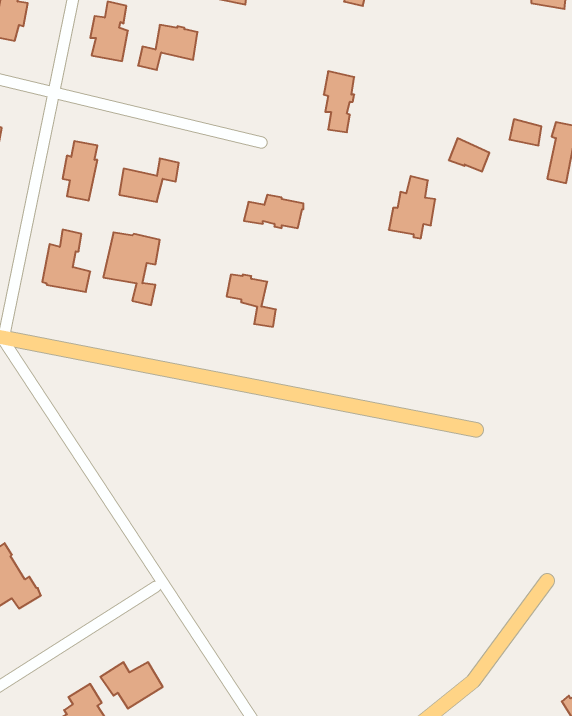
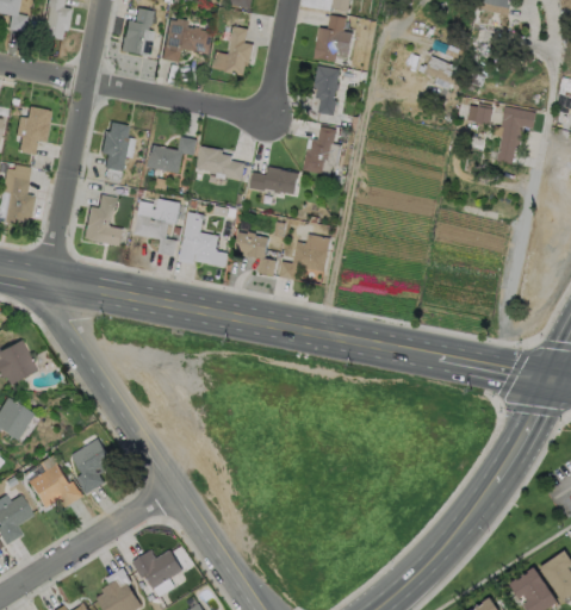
building: none -> [315,14,352,61]
building: none -> [212,27,254,77]
building: [449,138,489,172] -> [424,56,458,83]
building: none -> [195,147,244,180]
building: [389,176,435,238] -> [303,126,341,178]
building: none -> [179,212,218,264]
building: none -> [279,234,330,280]
building: none -> [70,438,114,493]

